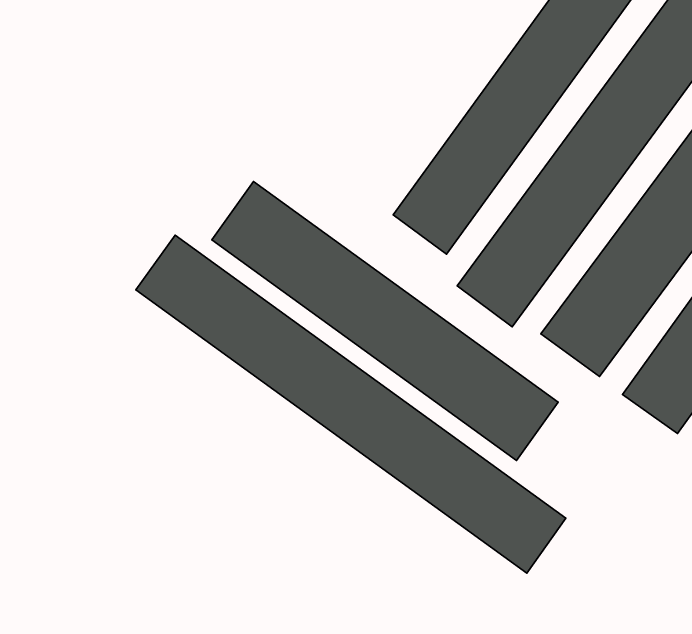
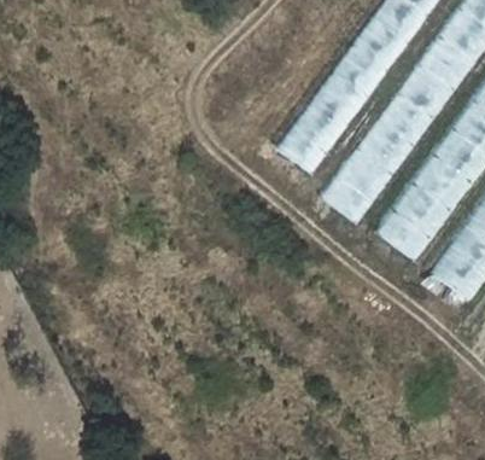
building: [212,182,558,460] -> none
building: [136,235,566,573] -> none

